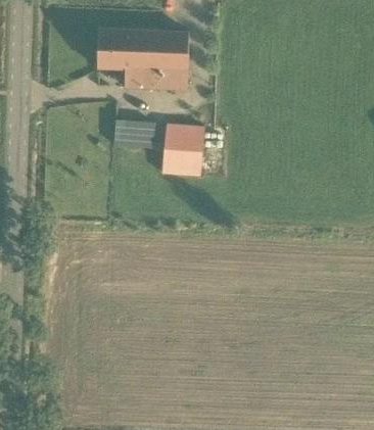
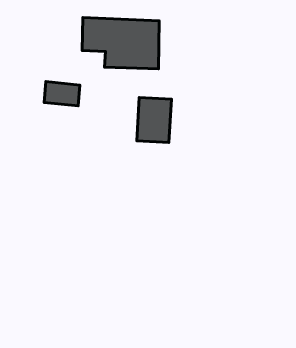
building: [113,121,155,149] -> [44,82,80,106]

